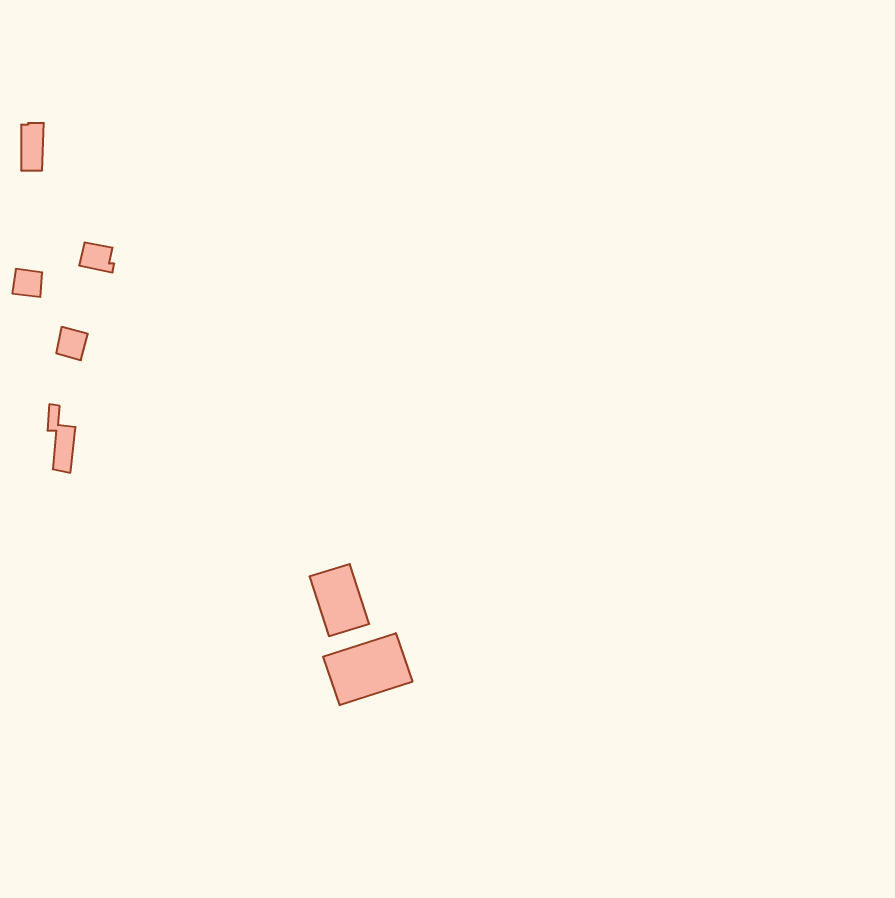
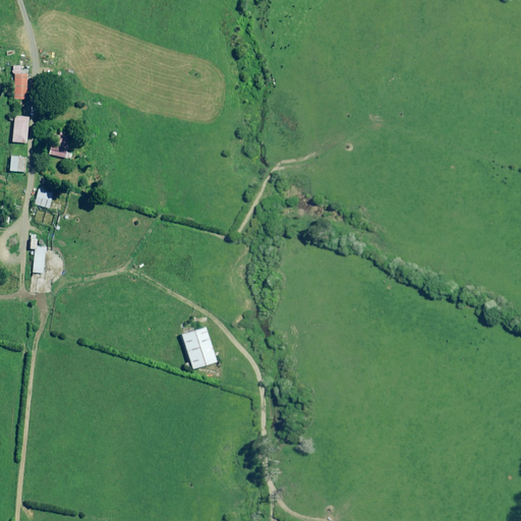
building: none -> [12,115,28,142]
building: [323,633,412,705] -> none

